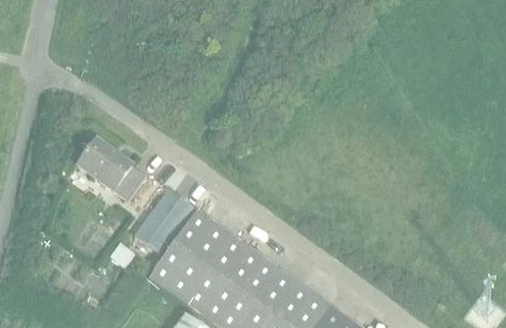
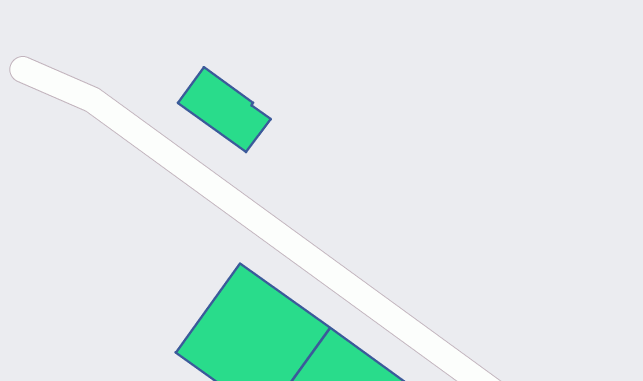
building: [78,137,147,200] -> [178,67,271,152]
building: [135,190,196,255] -> none

